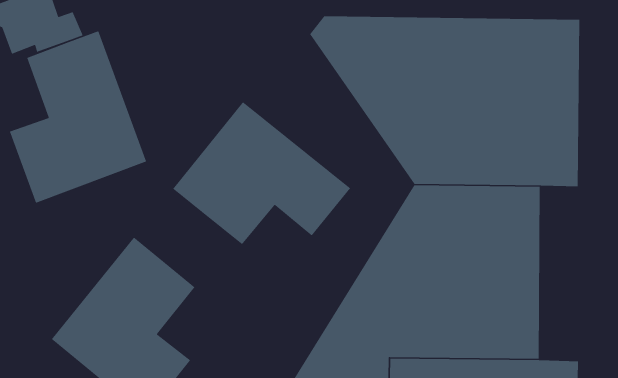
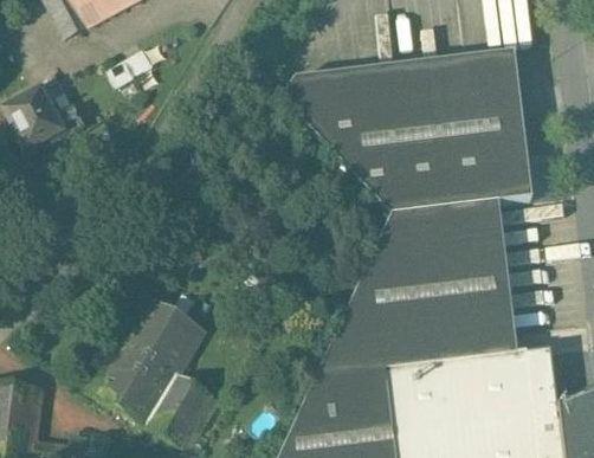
building: [9,30,147,204] -> none
building: [172,101,351,245] -> none

